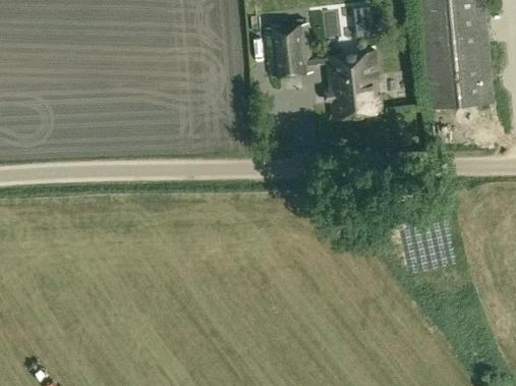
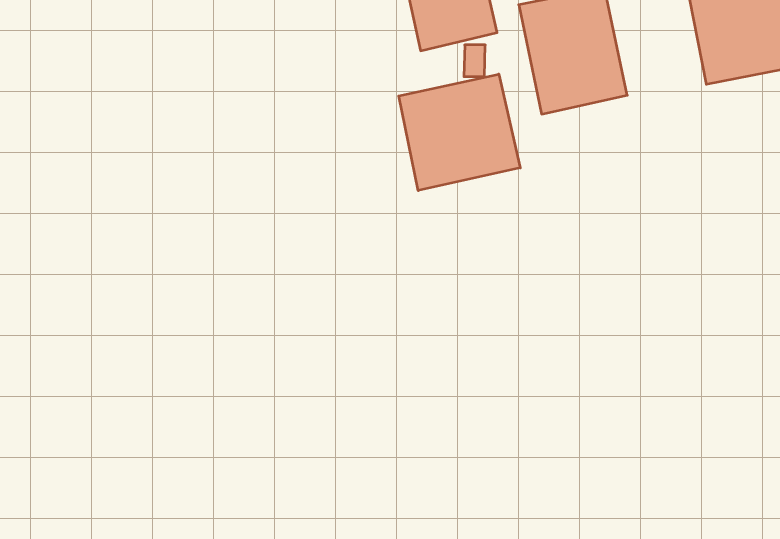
building: none -> [399,74,520,191]

